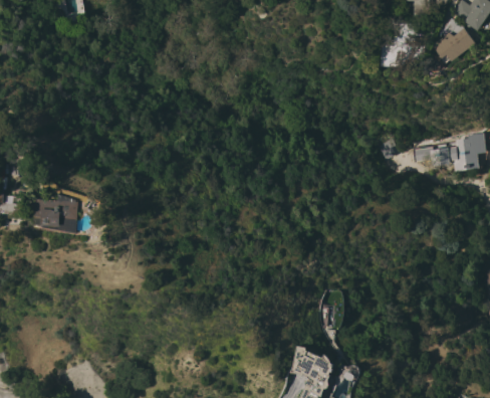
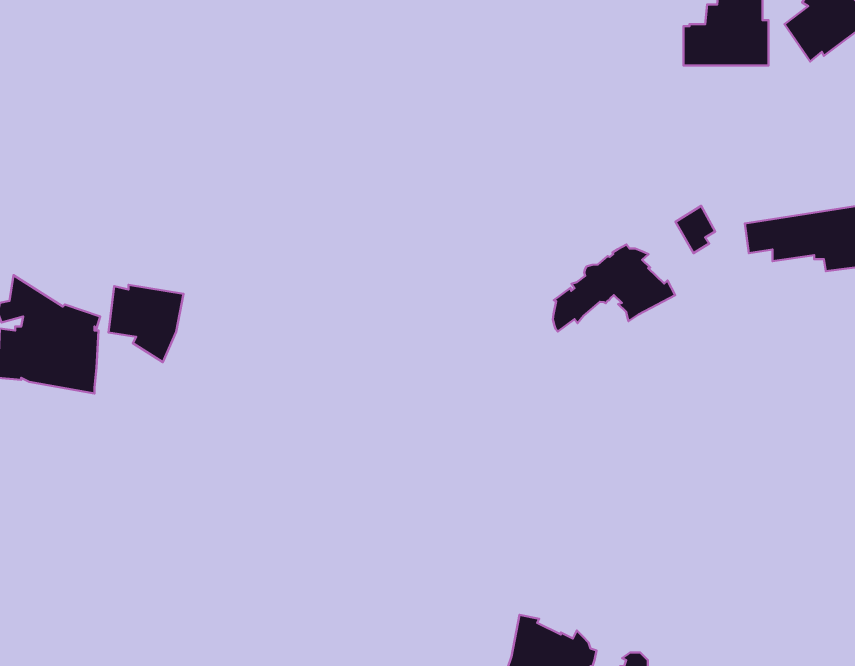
building: none -> [553,244,675,332]
building: none -> [109,285,184,362]

